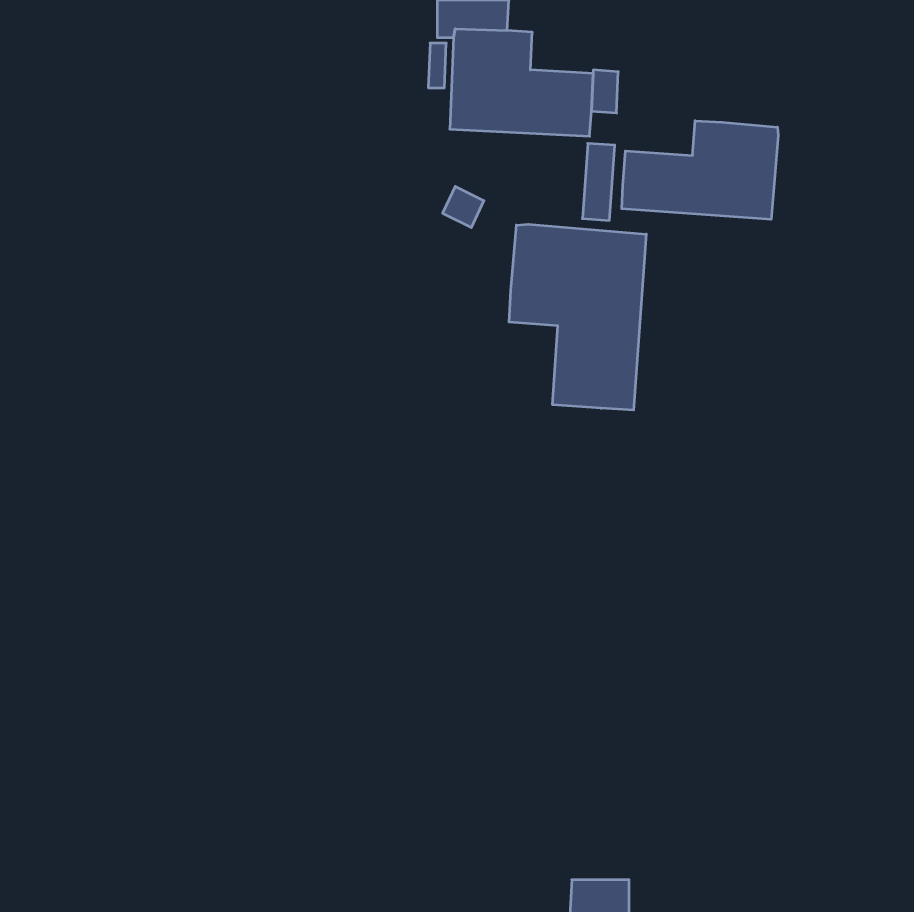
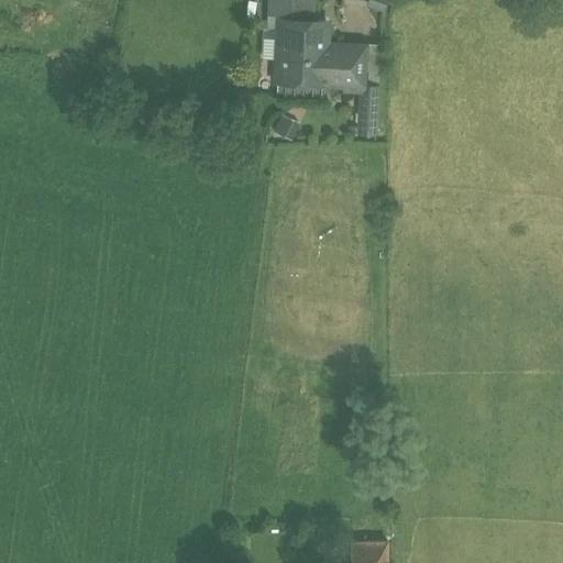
building: [622,121,778,219] -> none
building: [509,224,646,410] -> none

